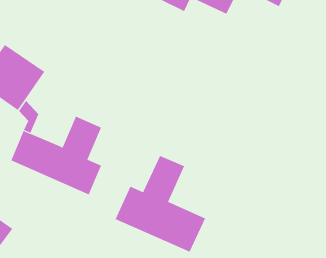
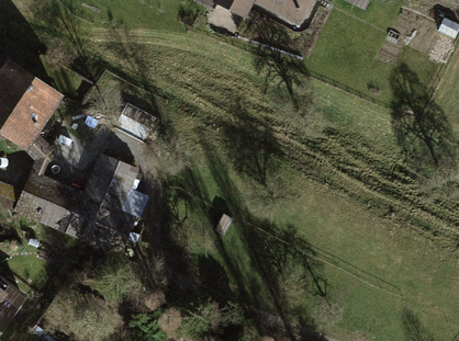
building: [115,155,206,253] -> none

